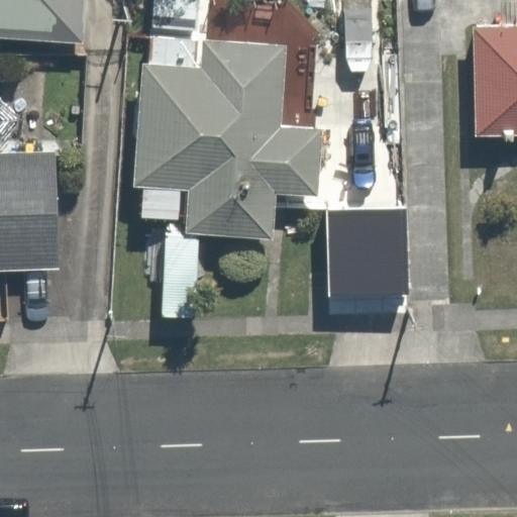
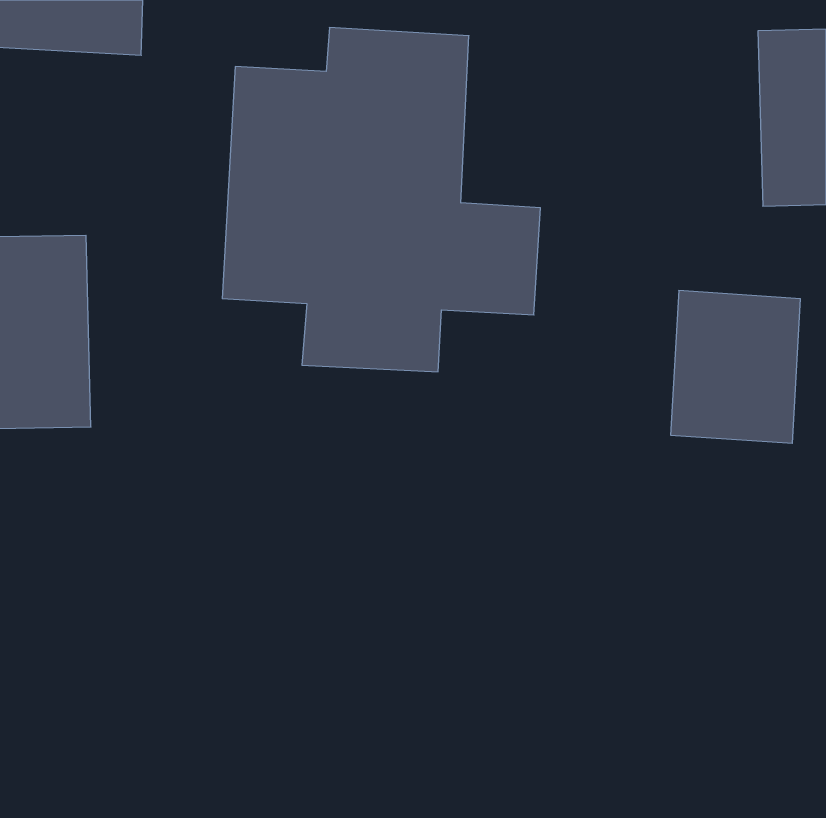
building: [327,203,408,298] -> [671,291,800,443]

